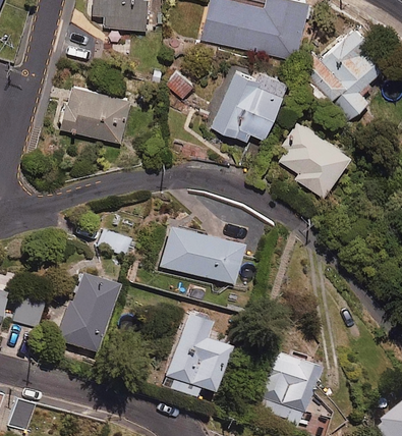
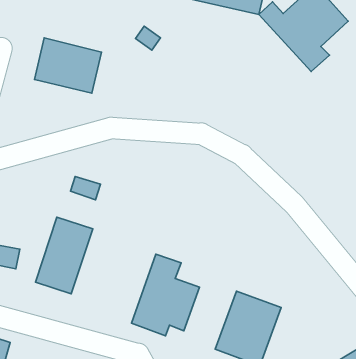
building: [211,66,287,143] -> none
building: [273,122,350,198] -> none
building: [159,229,241,284] -> none

